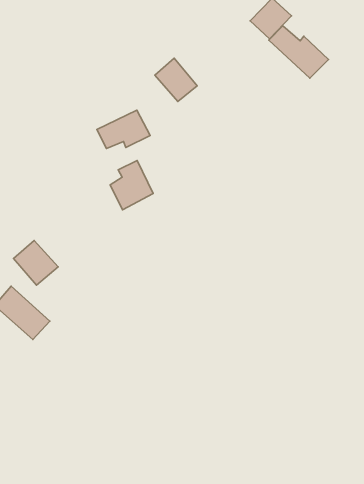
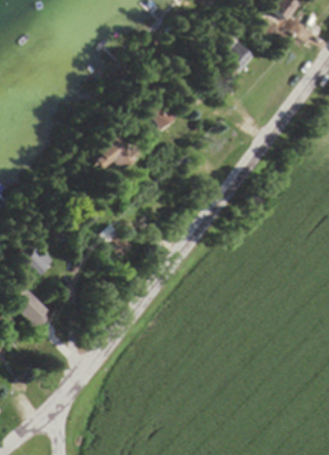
building: [269,26,329,78] -> none
building: [110,161,153,210] -> none

